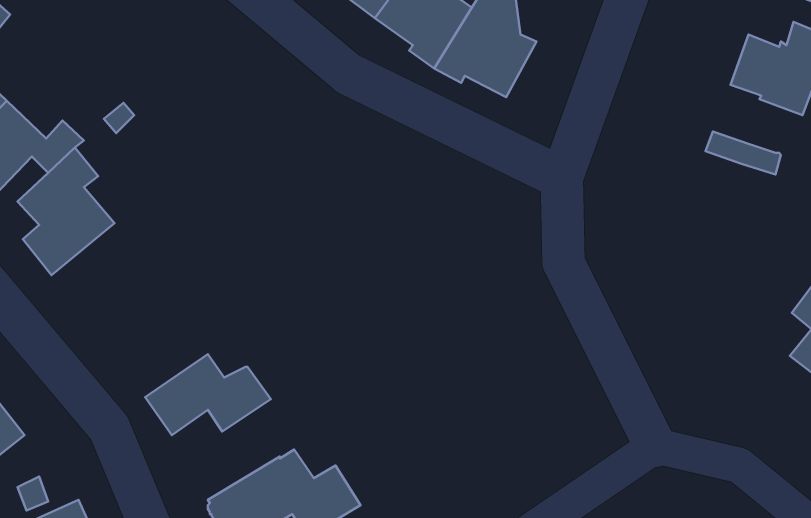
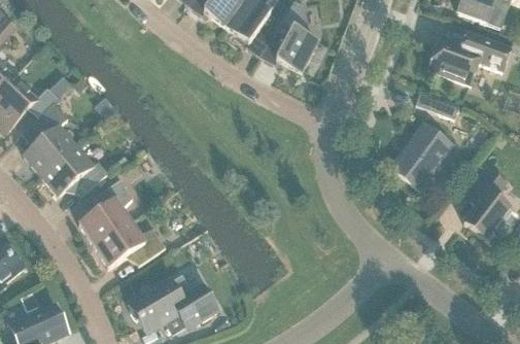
building: none -> [391,125,449,191]
building: none -> [40,145,108,196]
building: none -> [79,178,133,245]

